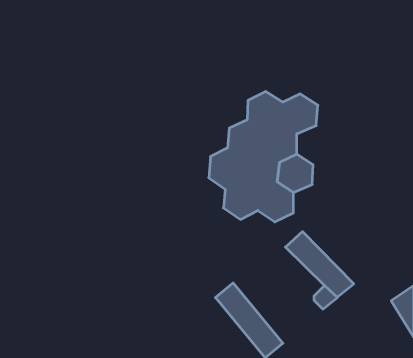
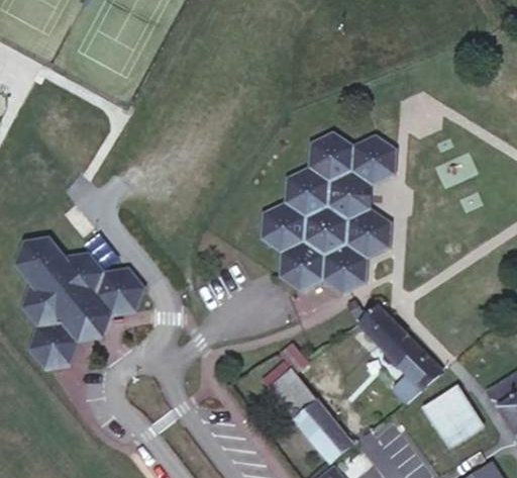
building: none -> [15,238,144,370]
building: none -> [421,384,485,449]

